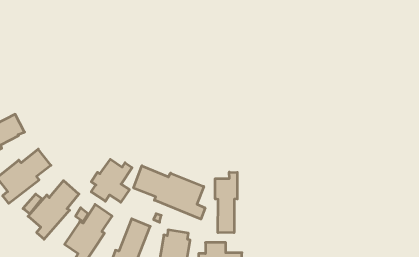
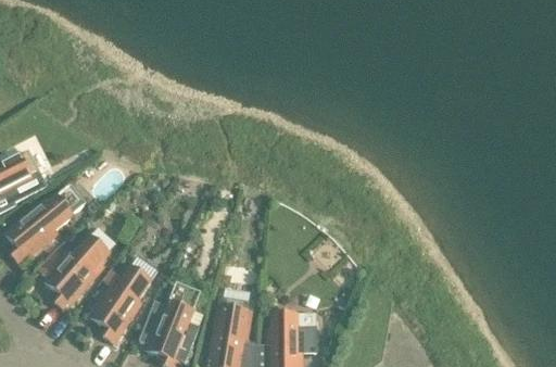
building: [91,159,132,202] -> none
building: [134,166,205,219] -> none
building: [215,172,237,233] -> none

